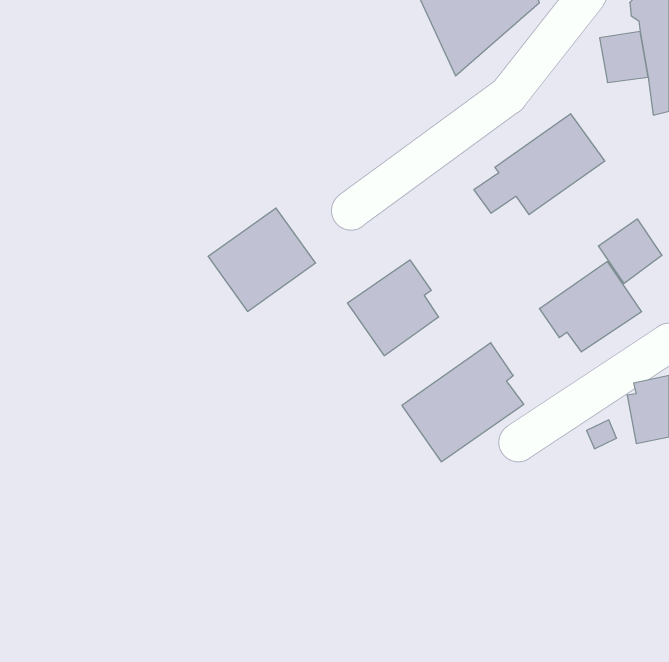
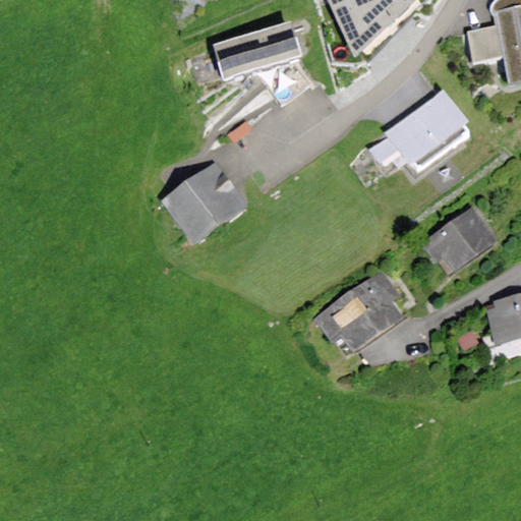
building: none -> [213,23,299,78]
building: [598,219,662,283] -> none
building: [348,260,439,356] -> none

